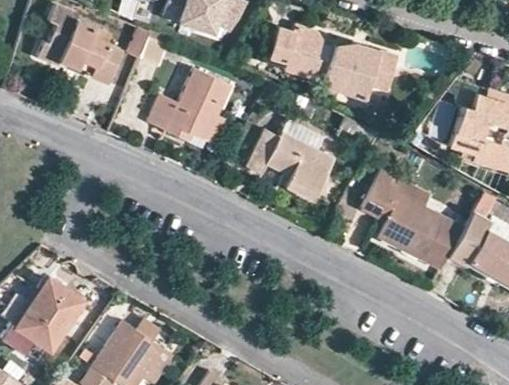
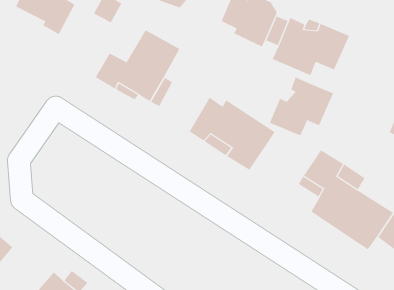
building: none -> [269,76,334,136]

